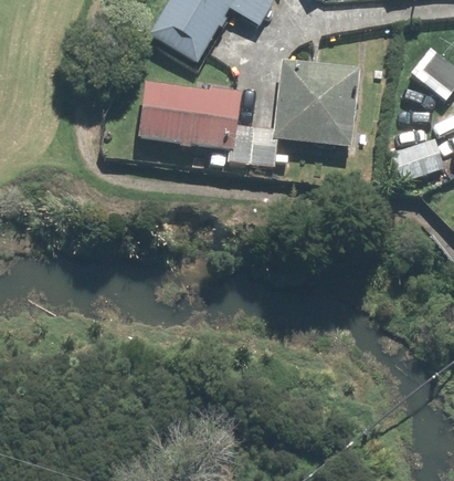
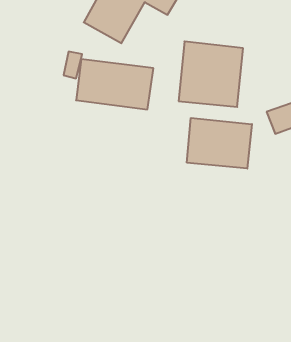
building: none -> [187,118,252,169]

